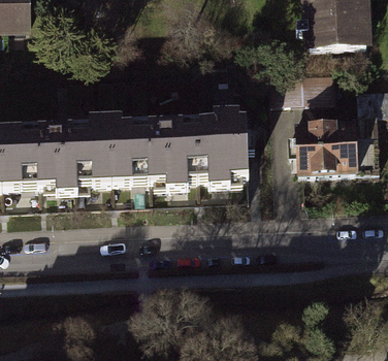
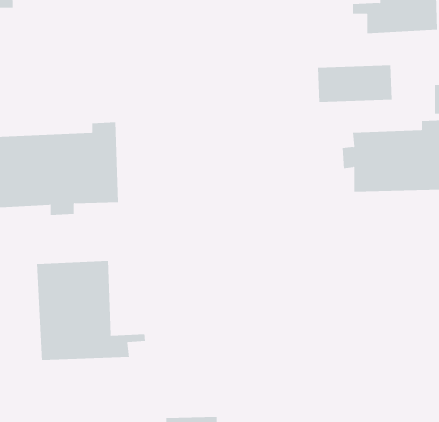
building: [109,110,246,183] -> none
building: none -> [36,260,146,361]

